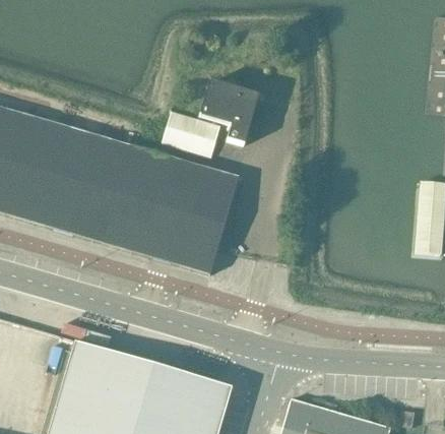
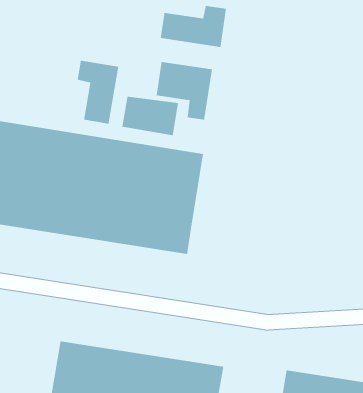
building: none -> [160,5,227,48]
building: none -> [77,60,119,125]

